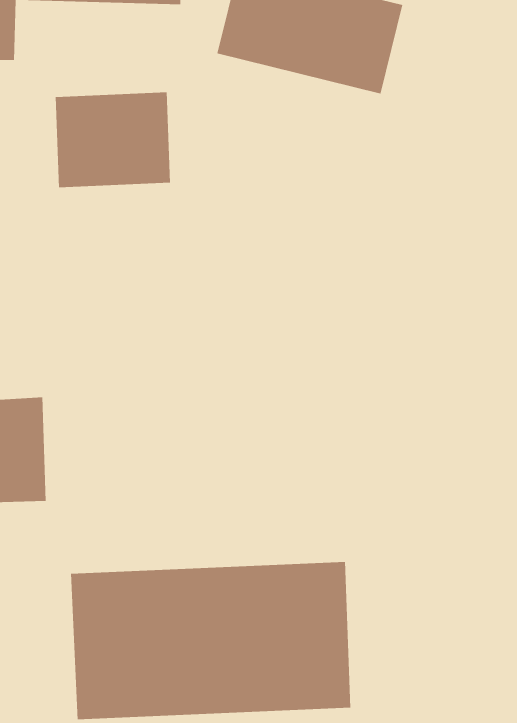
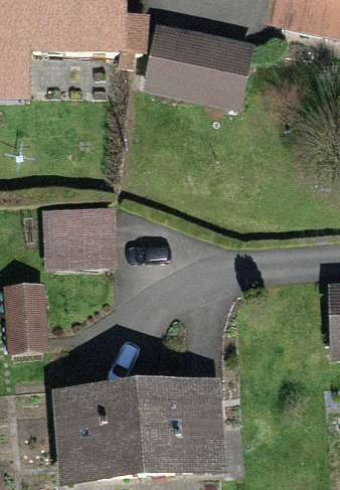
building: [55,92,171,188] -> [44,209,114,267]

